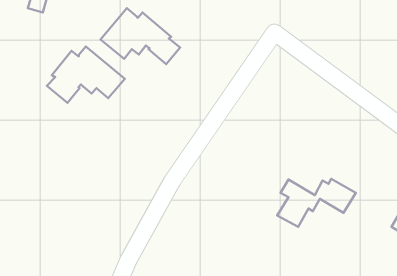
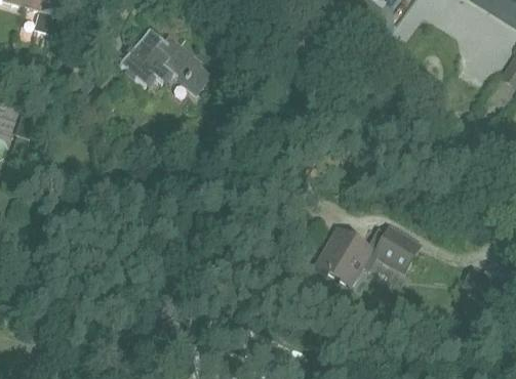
building: [47,47,125,103] -> none

